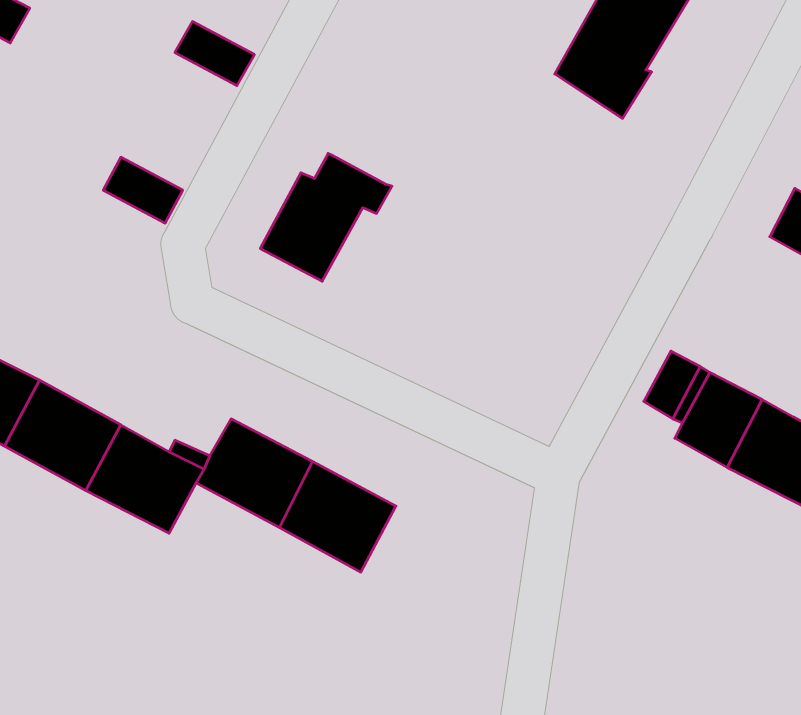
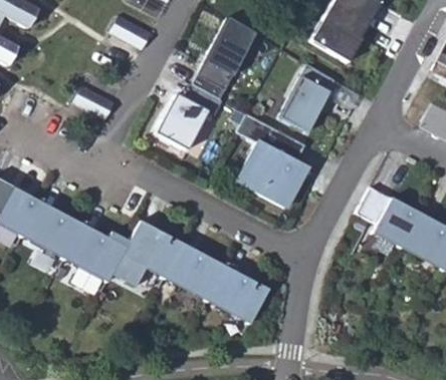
building: none -> [195,17,258,100]
building: none -> [279,62,336,131]
building: none -> [235,112,307,207]
building: none -> [210,267,271,323]

